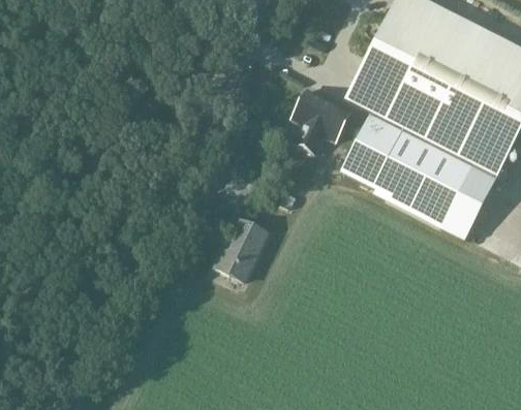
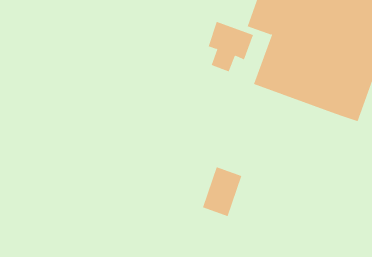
building: [215,215,270,279] -> [202,166,242,217]

